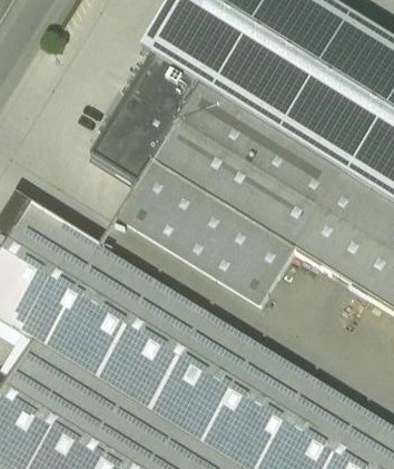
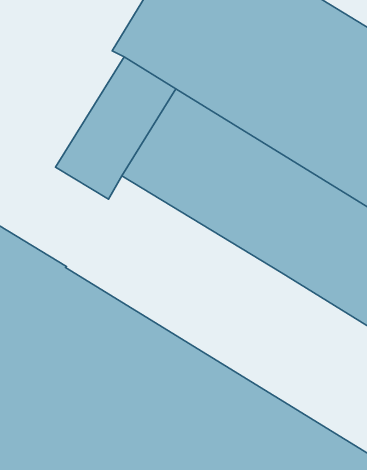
building: [118,165,295,306] -> none

